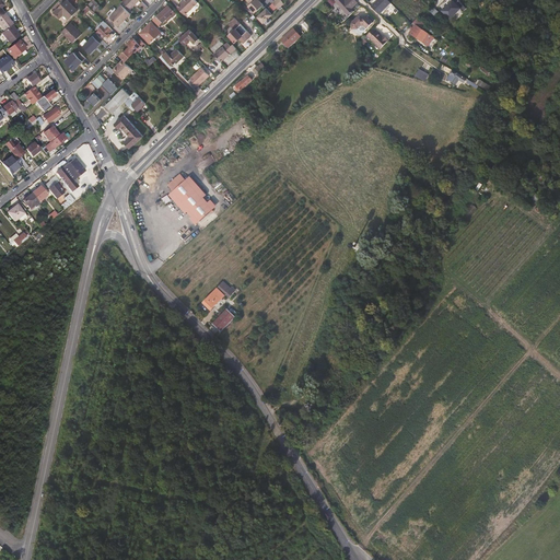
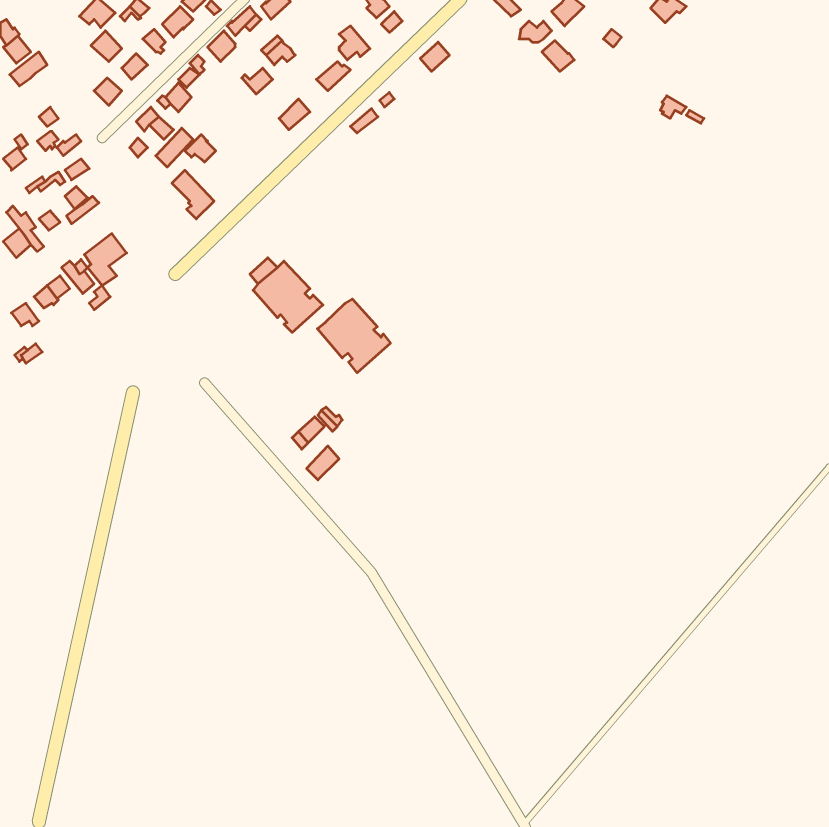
building: none -> [317,299,390,373]

